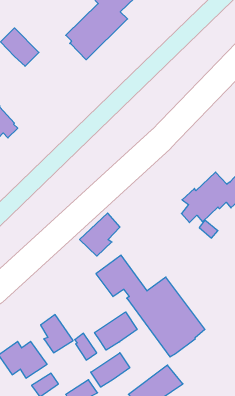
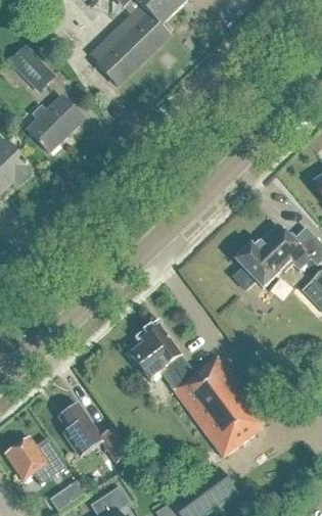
building: none -> [27,96,82,151]
building: [80,213,120,256] -> none
building: [95,312,137,350] -> none
building: [91,353,130,387] -> none

